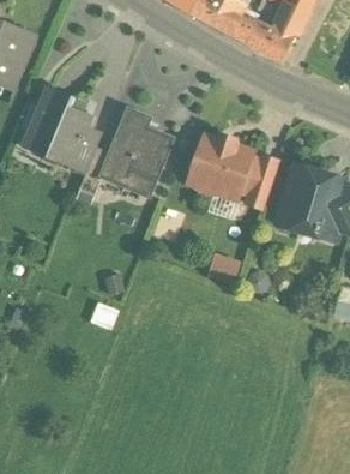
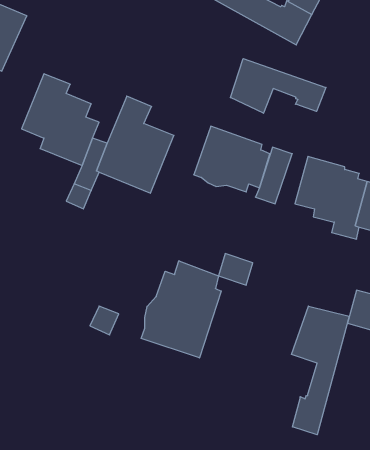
building: none -> [230,59,326,113]
building: none -> [141,261,221,358]
building: none -> [291,306,349,435]

